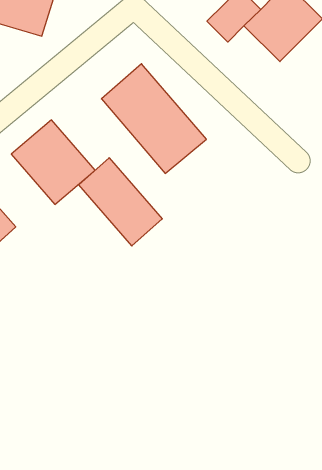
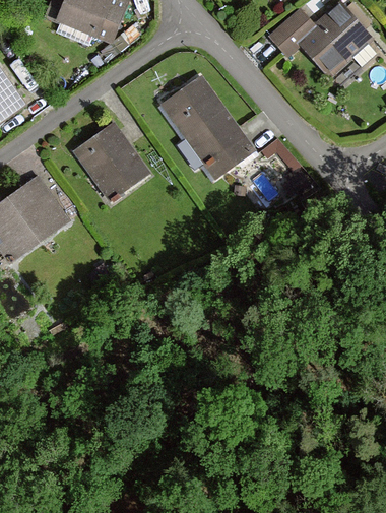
building: [79,158,162,246] -> none

